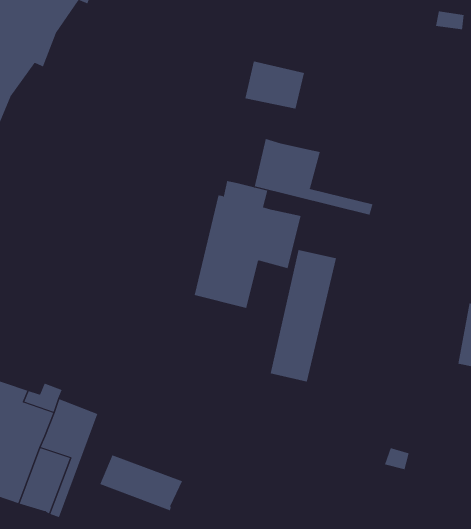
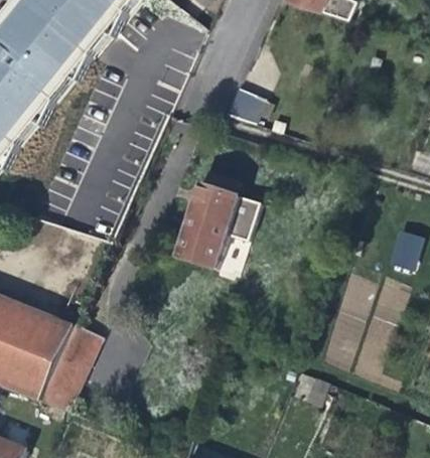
building: [254,138,373,216] -> none
building: [270,250,337,382] -> [319,271,374,368]
building: [99,455,183,511] -> none

